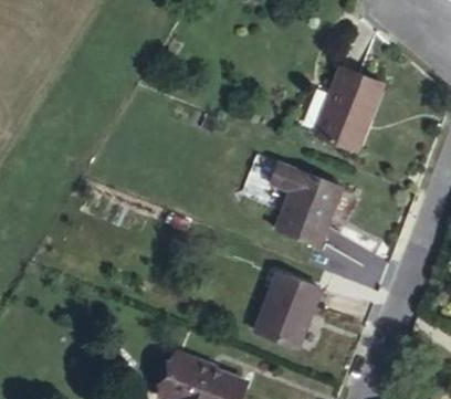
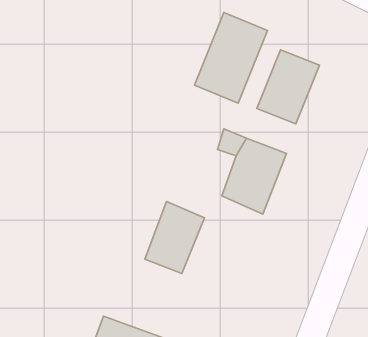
building: none -> [194,13,268,103]
building: [256,273,321,350] -> [145,202,204,274]

